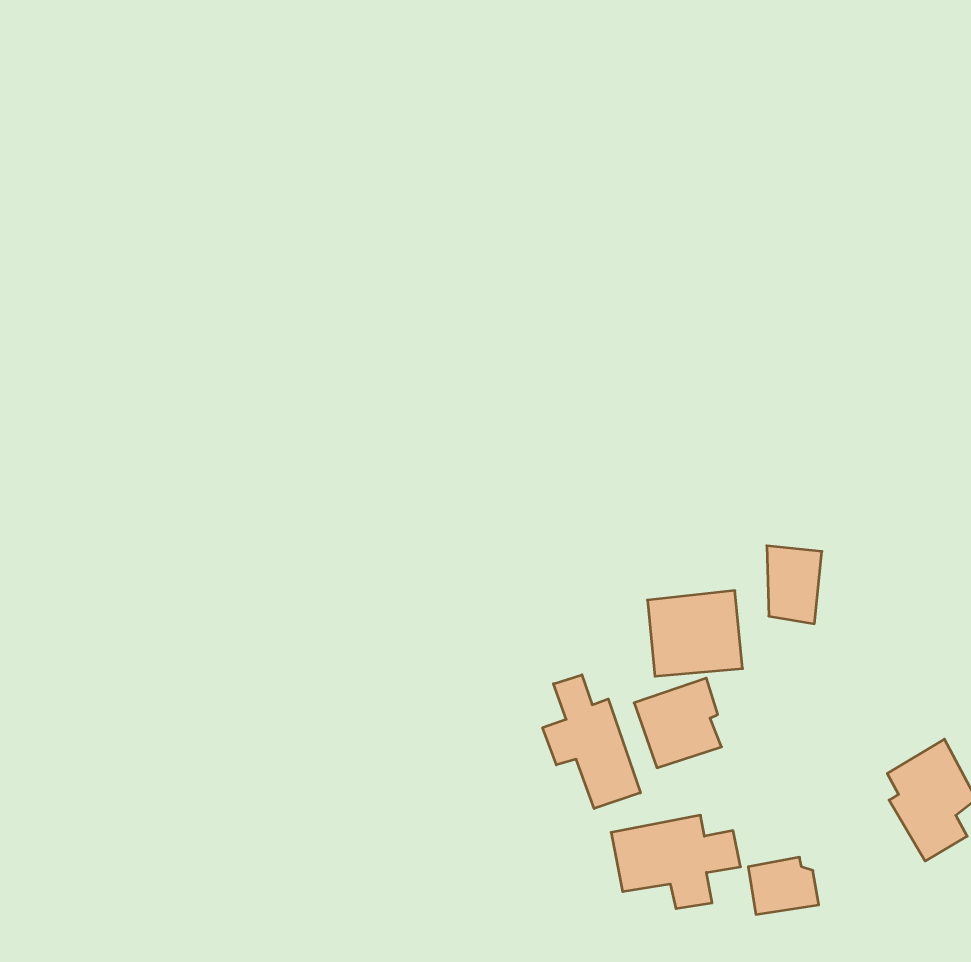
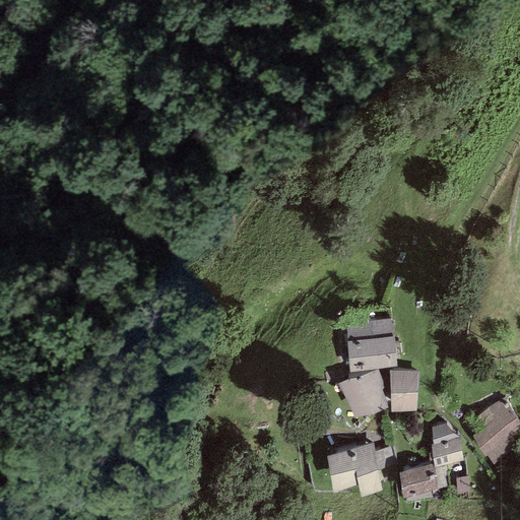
building: [767,546,822,624] -> [390,369,419,410]
building: [543,675,640,809] -> none
building: none -> [430,428,462,465]

